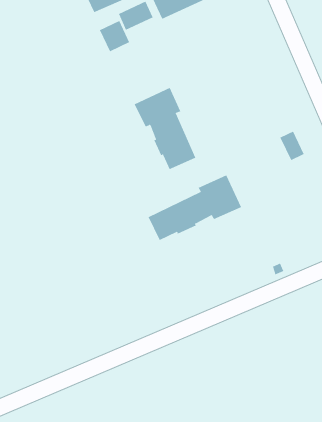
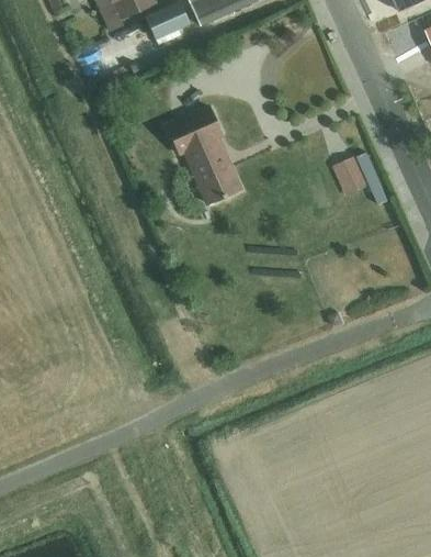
building: [99,20,130,52] -> none
building: [148,174,242,241] -> none

